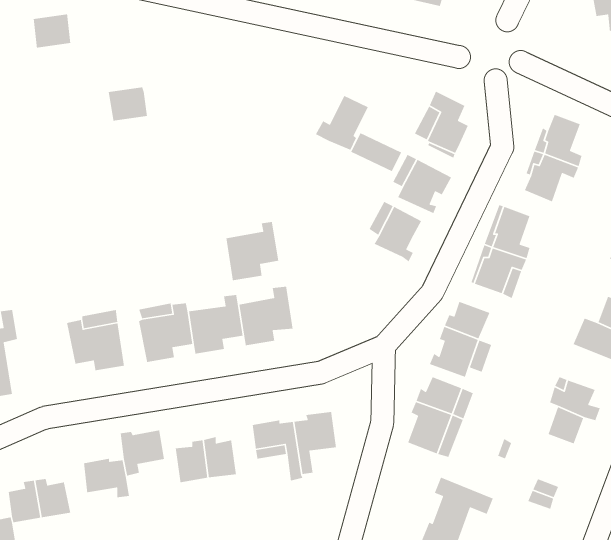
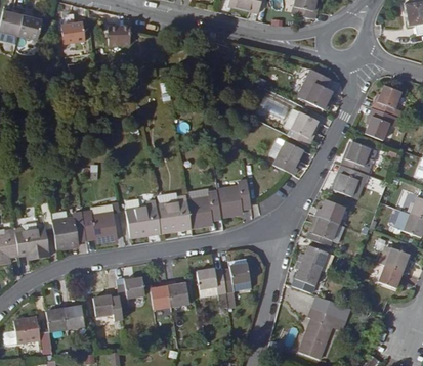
building: [108,87,148,122] -> [108,27,132,48]
building: [315,95,369,151] -> none
building: [226,221,279,281] -> [219,179,252,216]
building: none -> [54,212,89,248]

